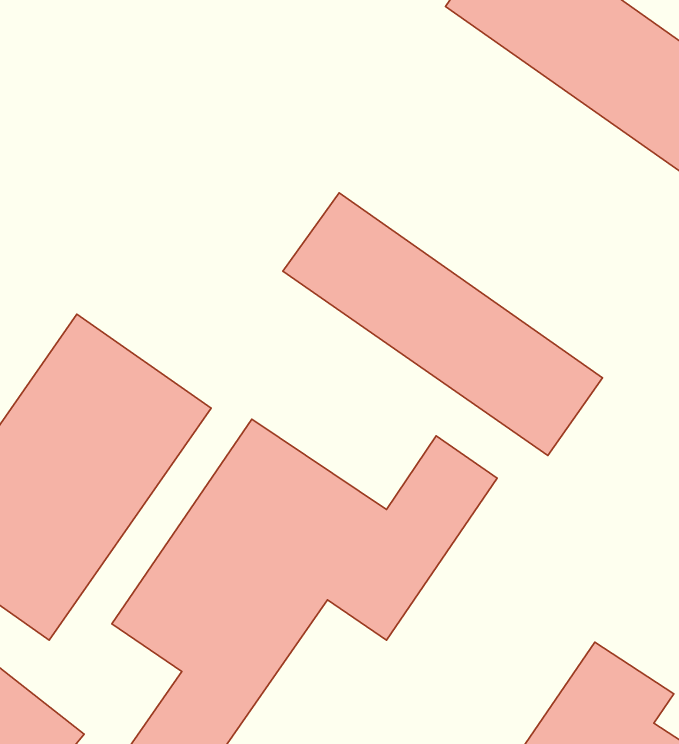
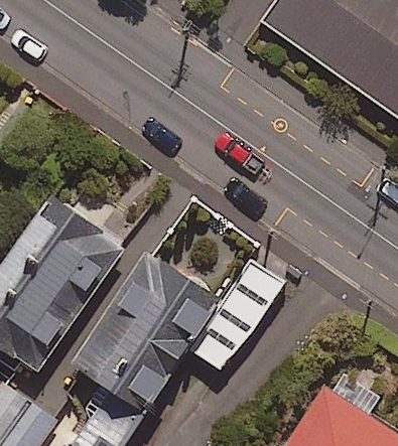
building: [283,193,603,456] -> none

